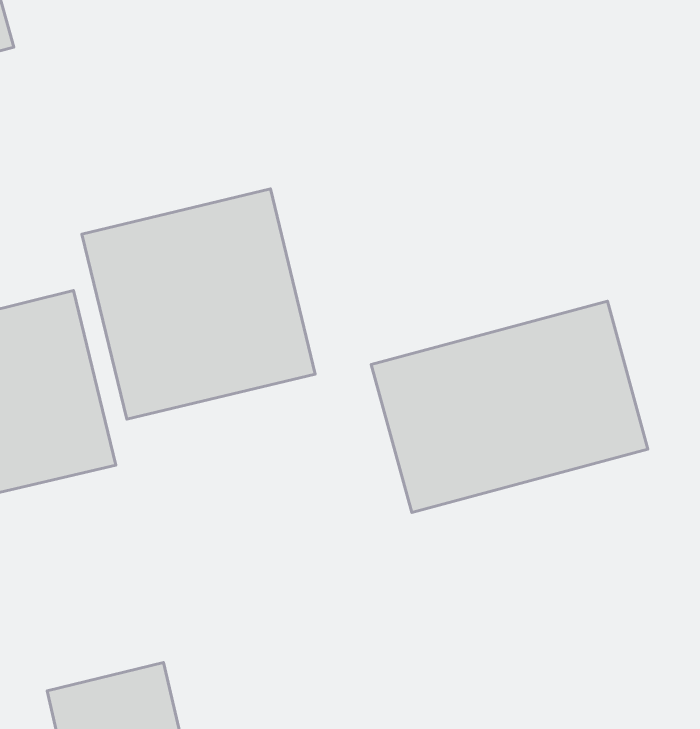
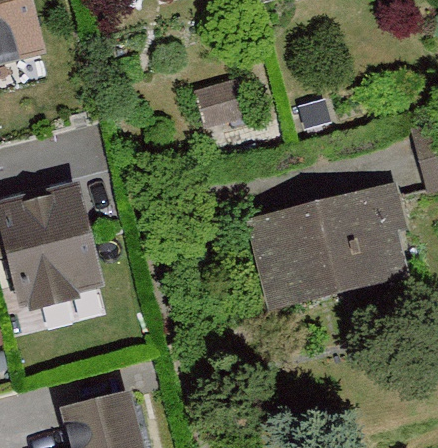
building: [82,189,315,419] -> none

